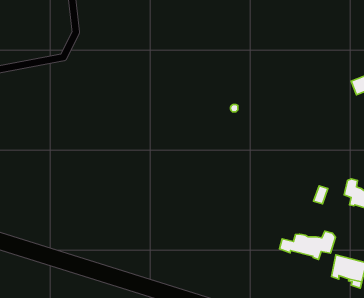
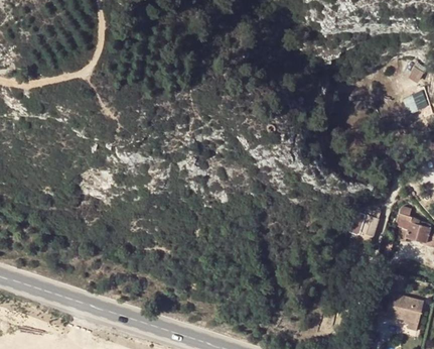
building: [280,231,335,259] -> none

